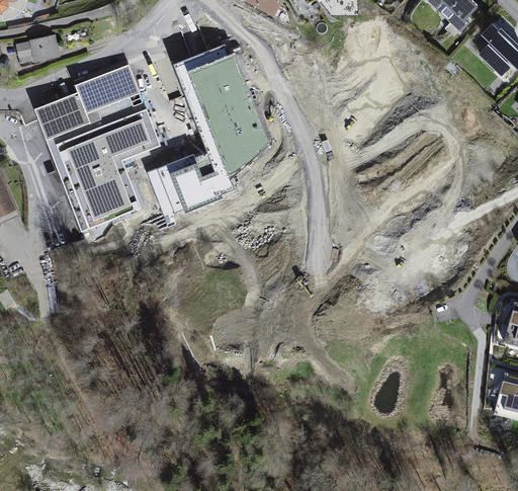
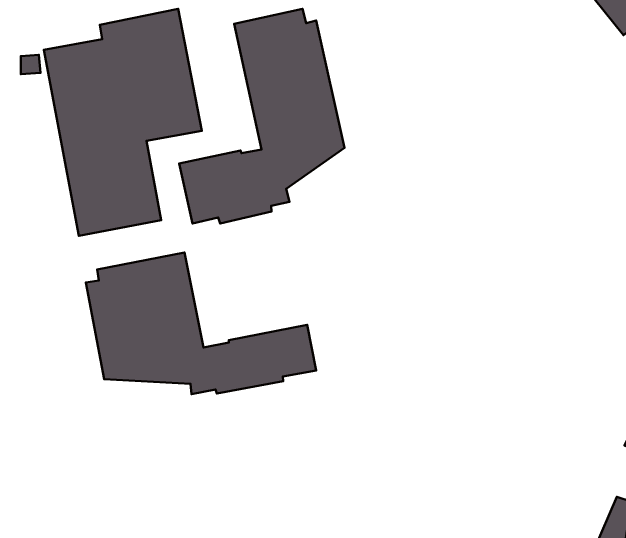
building: none -> [86,252,316,394]

